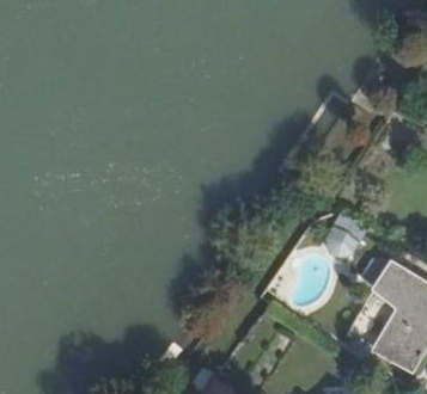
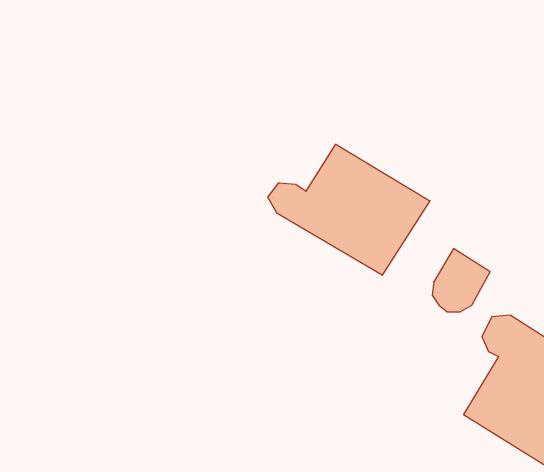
building: none -> [268,144,430,275]

